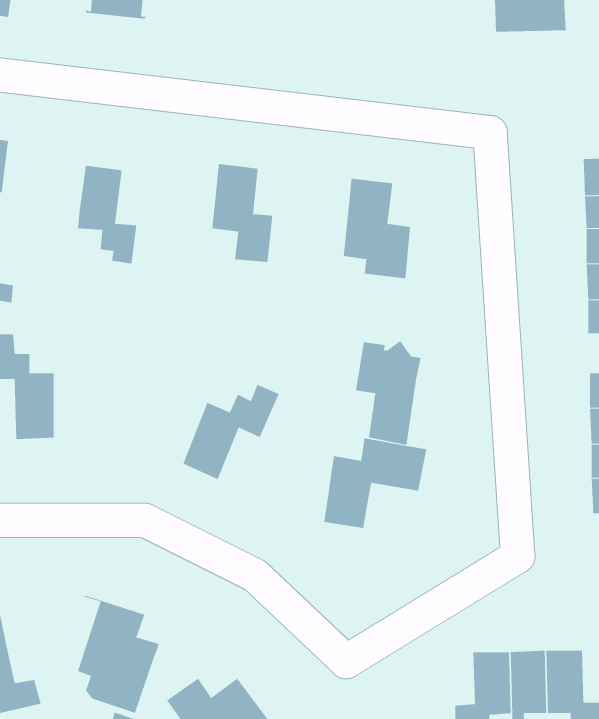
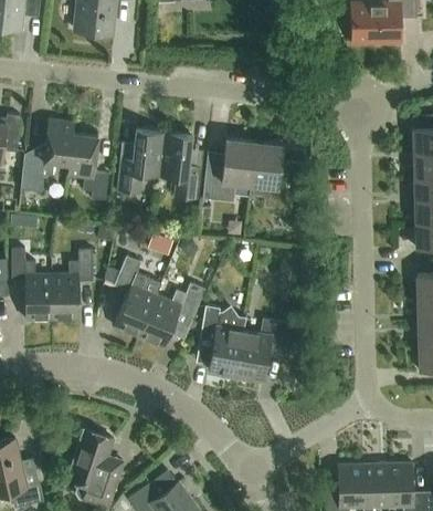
building: none -> [21,119,74,191]
building: none -> [117,129,163,192]
building: none -> [202,139,254,201]
building: none -> [52,249,93,319]
building: [355,340,422,446] -> [200,304,245,376]
building: none -> [114,255,156,336]

